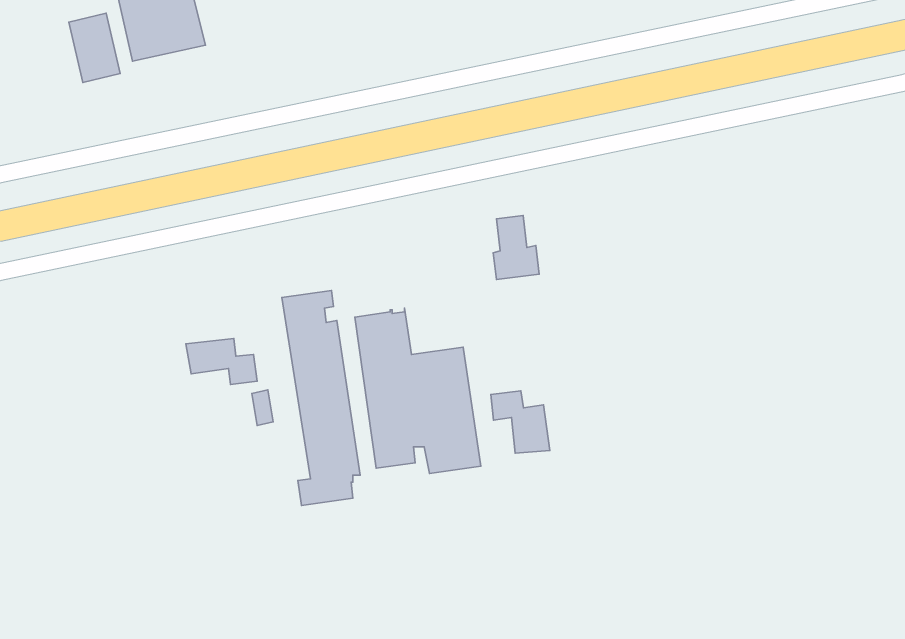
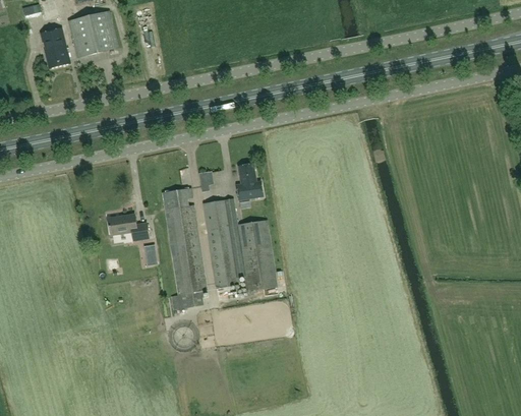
building: [493,215,539,279] -> [236,163,263,199]
building: [491,391,550,453] -> none

